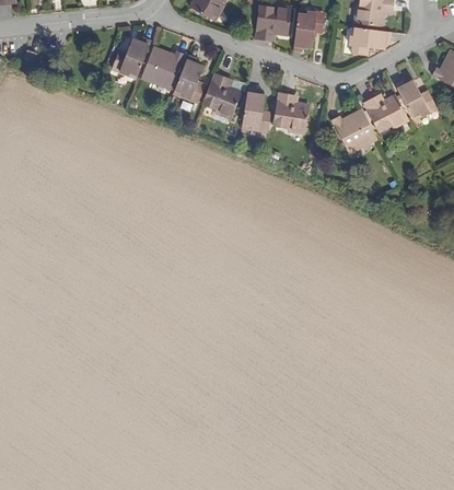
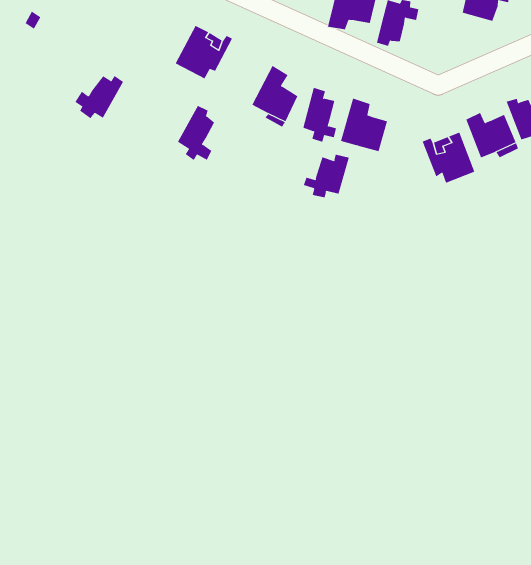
building: [349,26,388,54] -> none
building: [116,36,152,71] -> [75,75,124,119]
building: [175,55,202,97] -> [177,105,215,161]
building: none -> [303,154,350,198]

